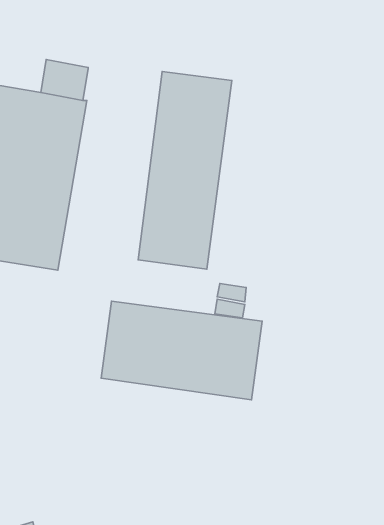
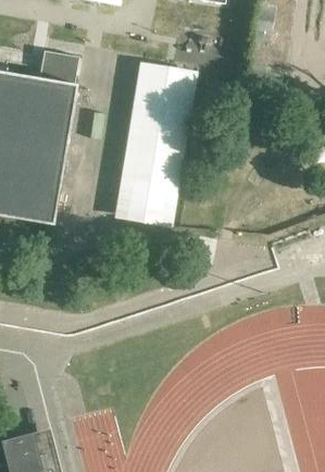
building: [101,301,262,400] -> none

